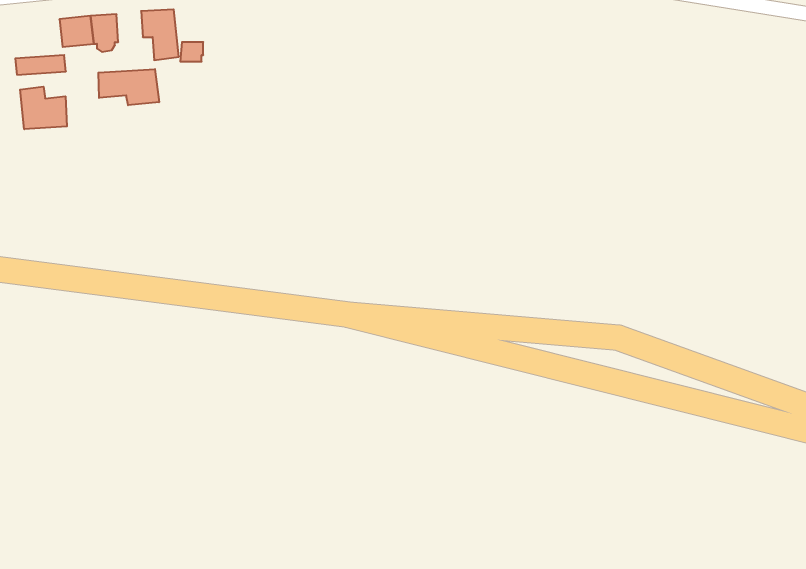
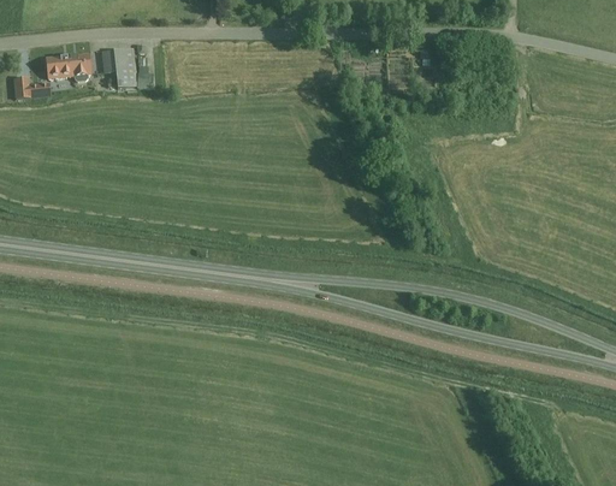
building: [98,69,159,105] -> none
building: [20,87,67,129] -> none

